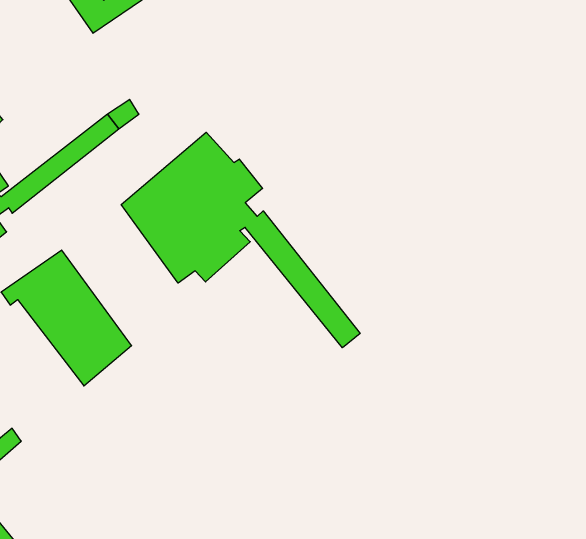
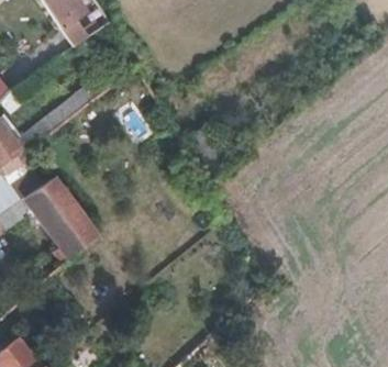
building: [121,132,360,348] -> none

